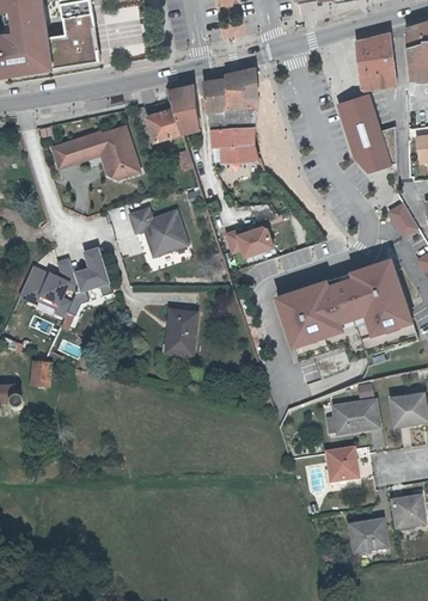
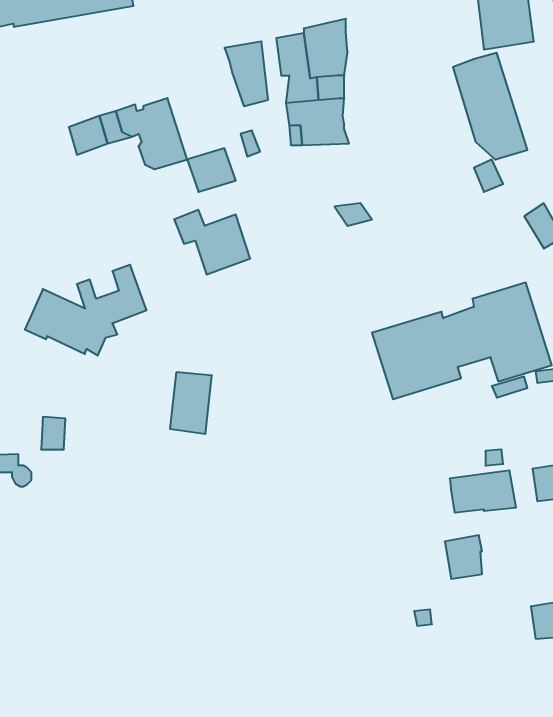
building: [145,108,181,140] -> [187,148,236,192]
building: [225,227,271,257] -> none
building: [166,311,197,356] -> [170,372,212,434]
building: [350,521,386,552] -> none

